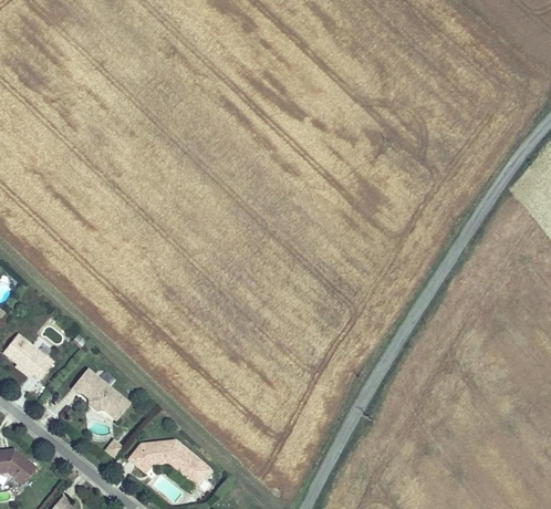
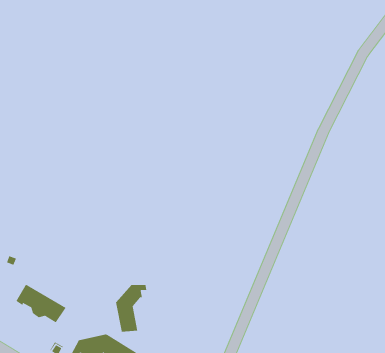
building: none -> [116,284,147,332]

